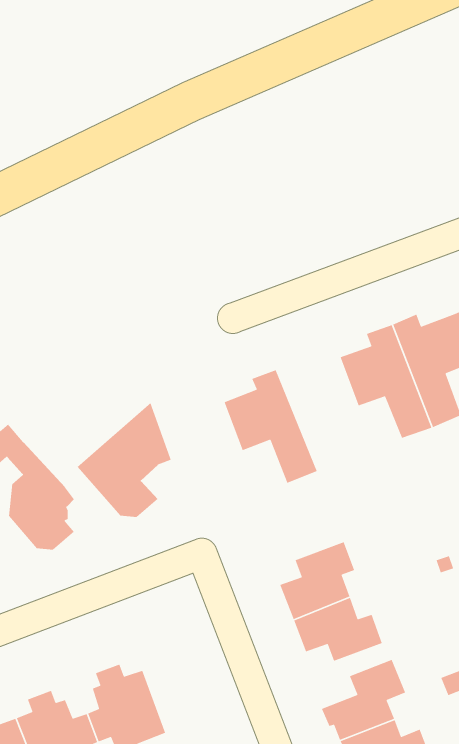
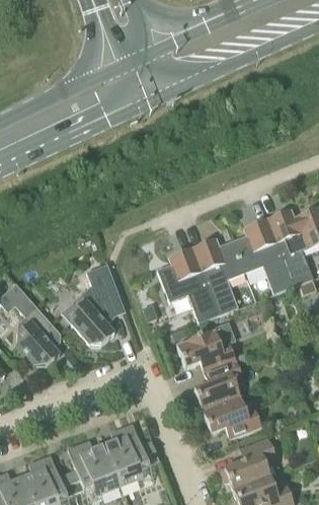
building: none -> [191,239,245,314]
building: none -> [176,320,236,372]
building: none -> [104,425,159,487]

